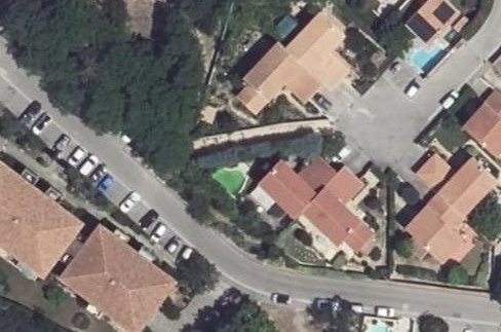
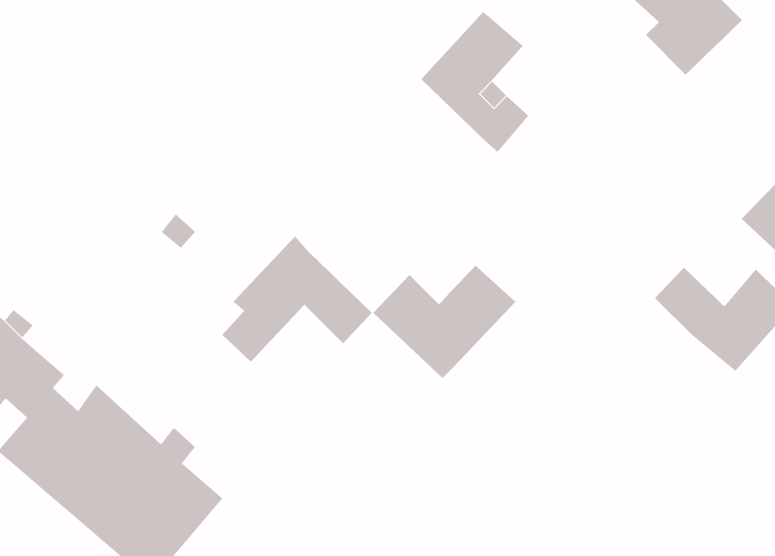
building: [234,42,318,113] -> [221,235,373,362]
building: [302,169,371,252] -> none
building: [402,194,461,262] -> none

